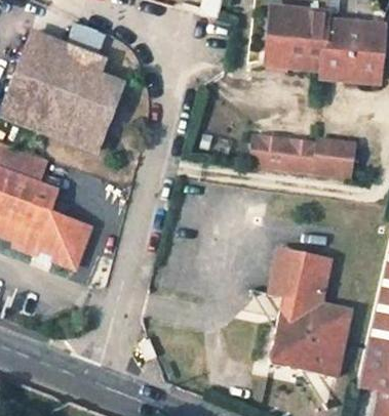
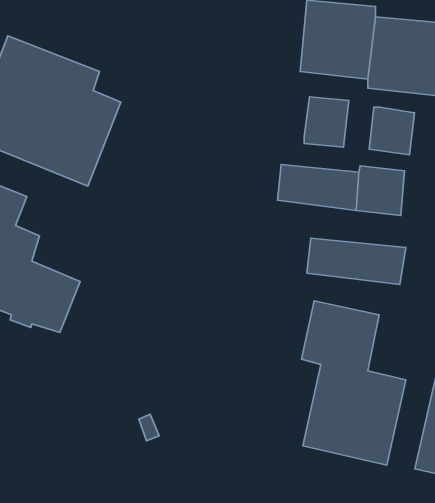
building: none -> [304,97,349,147]
building: none -> [369,107,414,155]
building: none -> [307,238,406,284]

